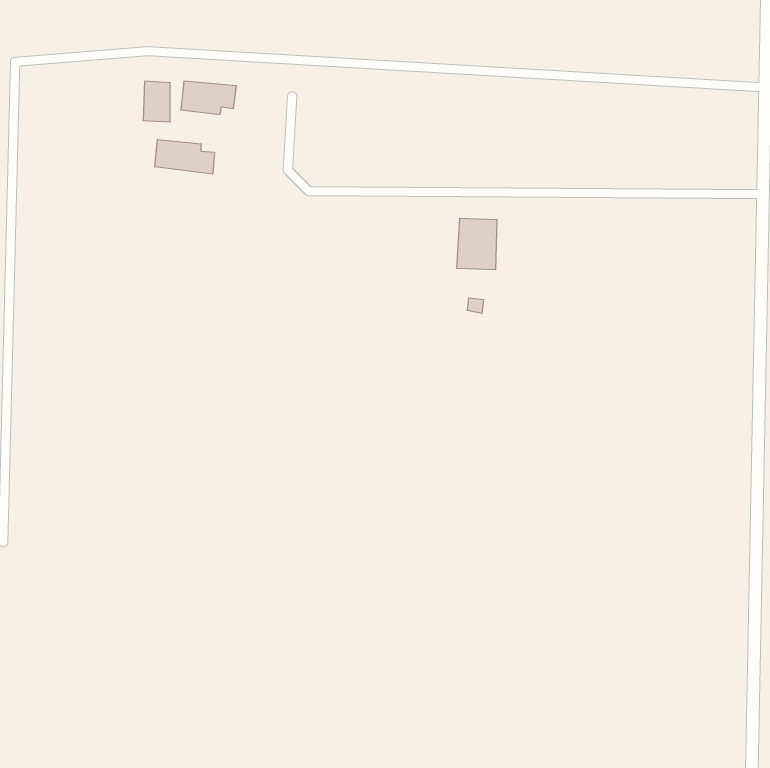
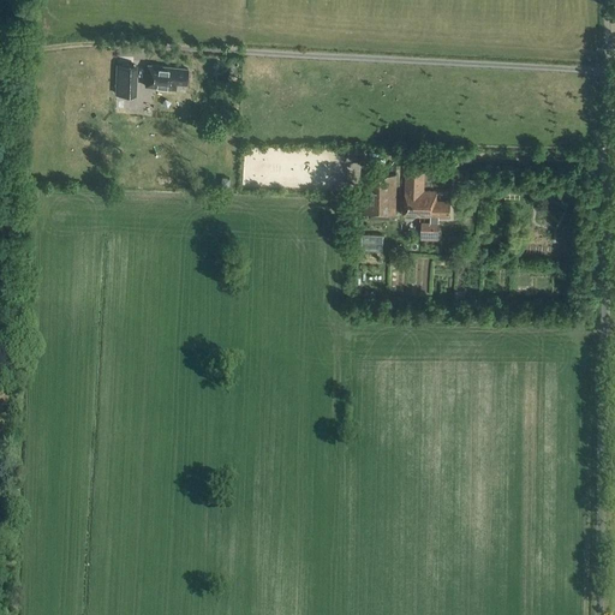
building: [155,139,214,174] -> none
building: none -> [405,166,450,241]

